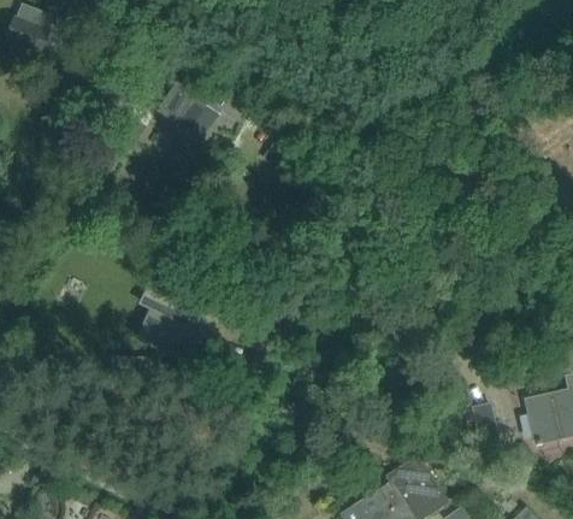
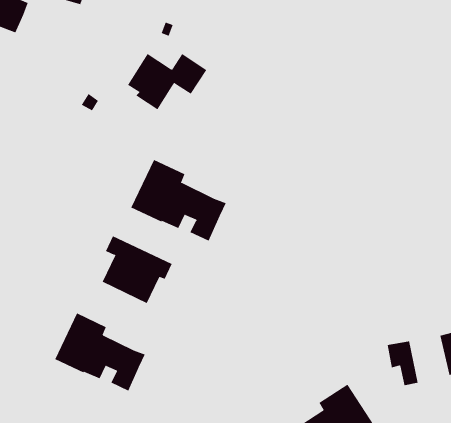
building: none -> [131,159,227,242]
building: none -> [54,313,145,391]

